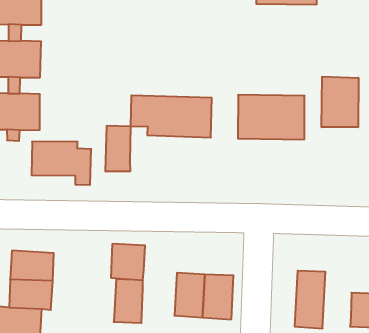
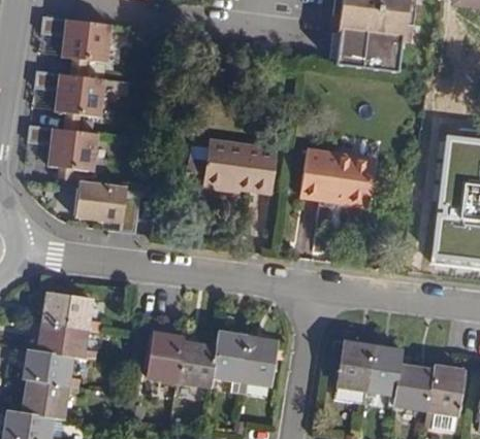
building: [322,77,358,127] -> none
building: [106,126,130,172] -> none
building: [111,244,145,280] -> [178,345,217,386]
building: none -> [367,347,403,397]

